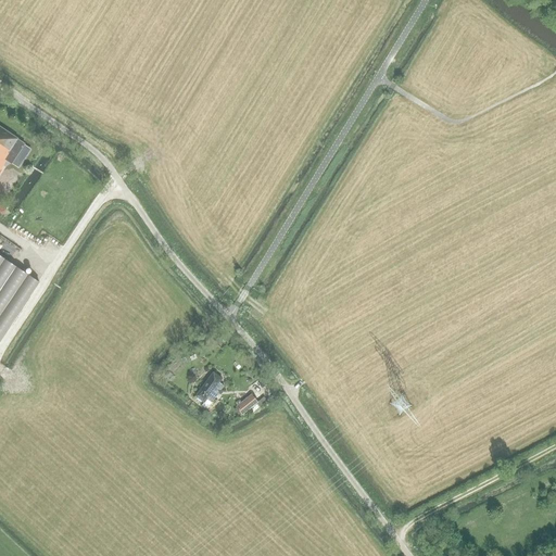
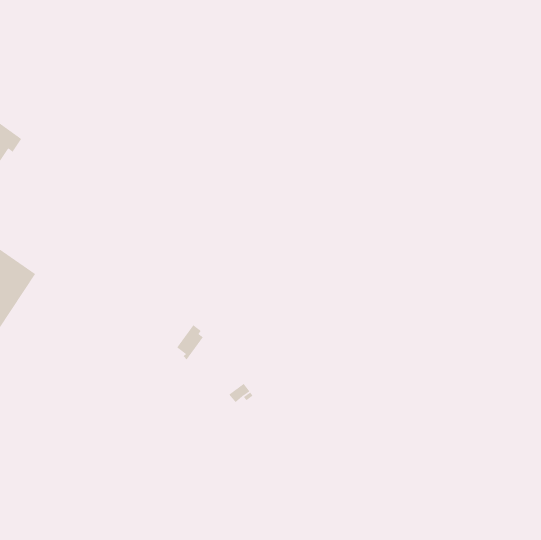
building: [194,370,223,407] -> [176,324,204,360]

